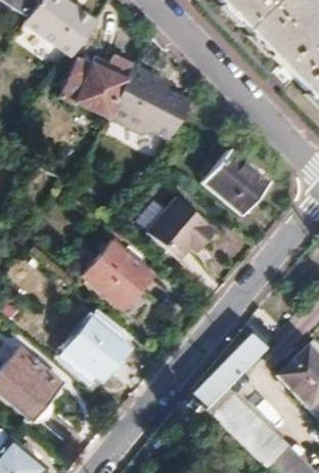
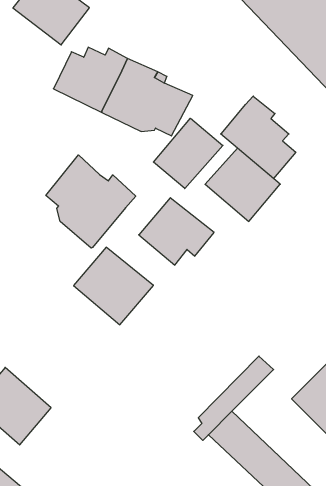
building: none -> [221,96,296,178]
building: none -> [153,118,223,189]
building: none -> [46,155,136,248]
building: [63,315,126,378] -> none

